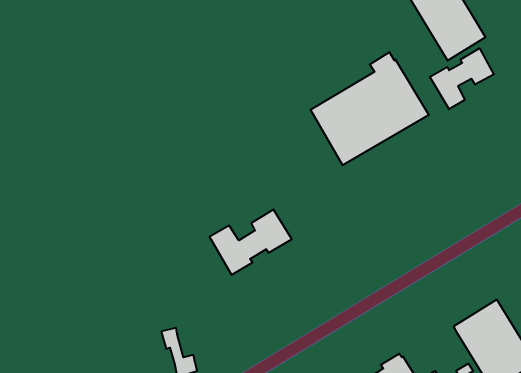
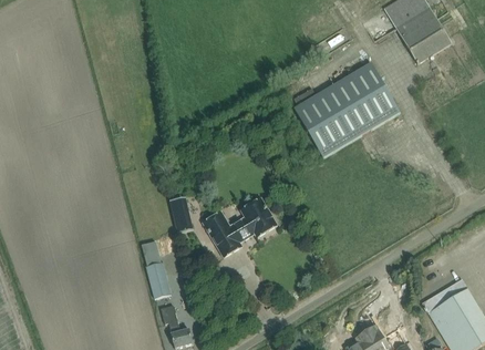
building: [430,48,494,109] -> none
building: none -> [169,196,192,230]
building: none -> [145,261,171,298]

